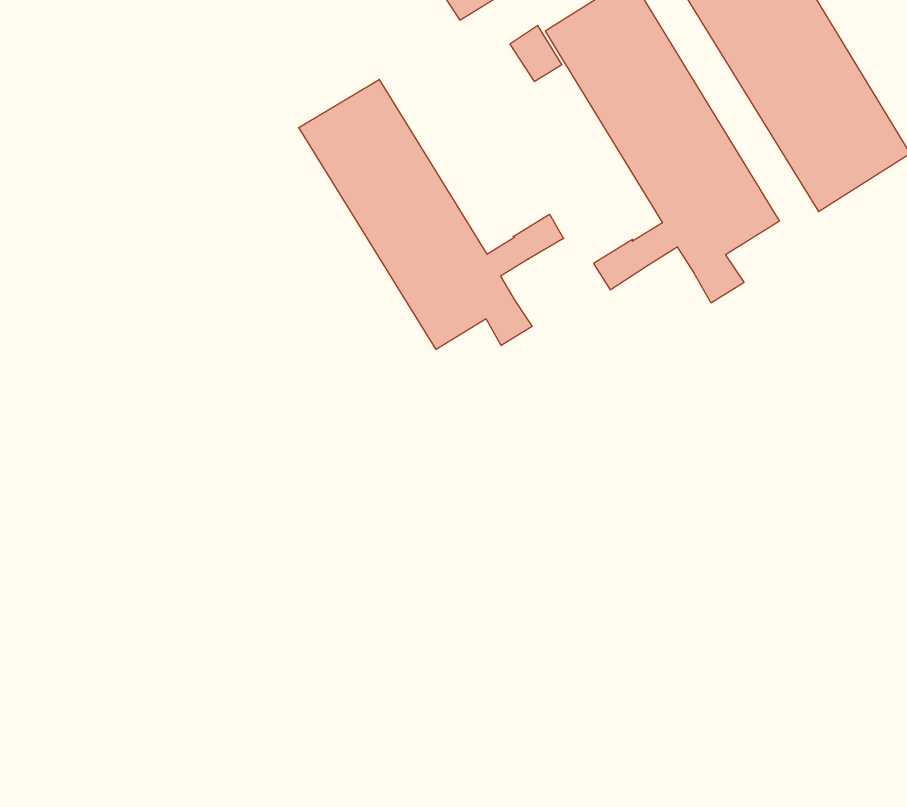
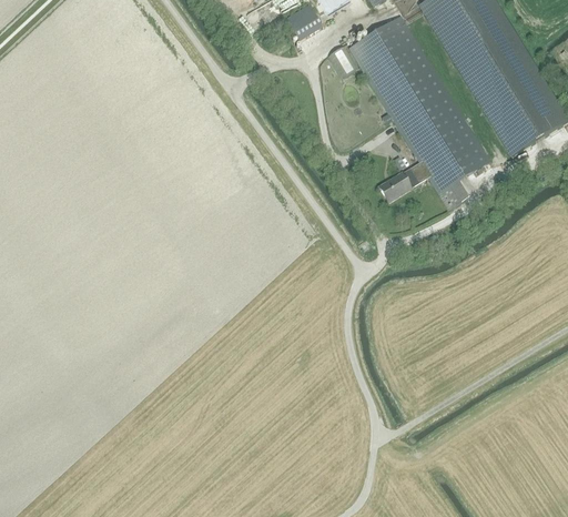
building: [299,79,564,349] -> none

